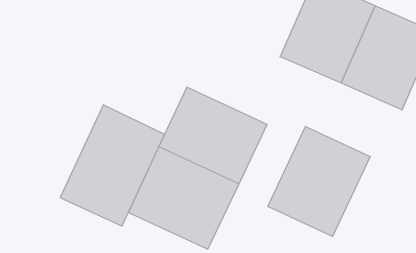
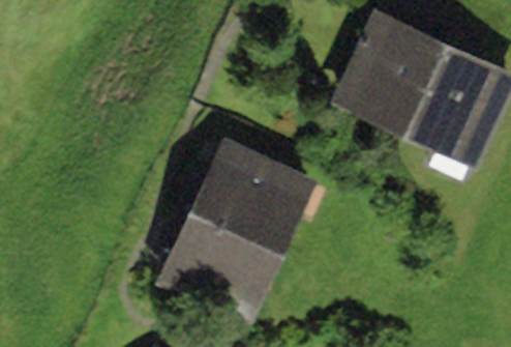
building: [60,105,165,226] -> none
building: [268,126,370,236] -> none

